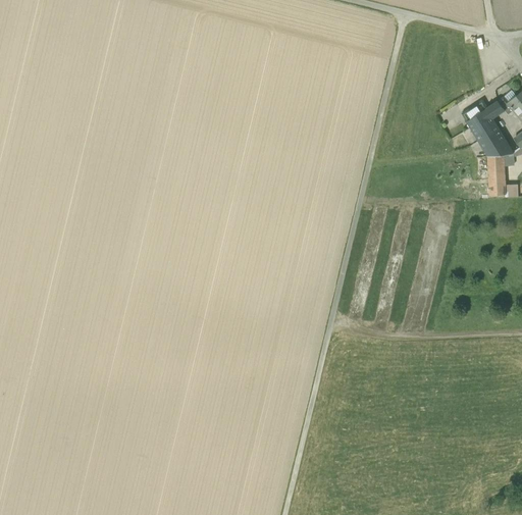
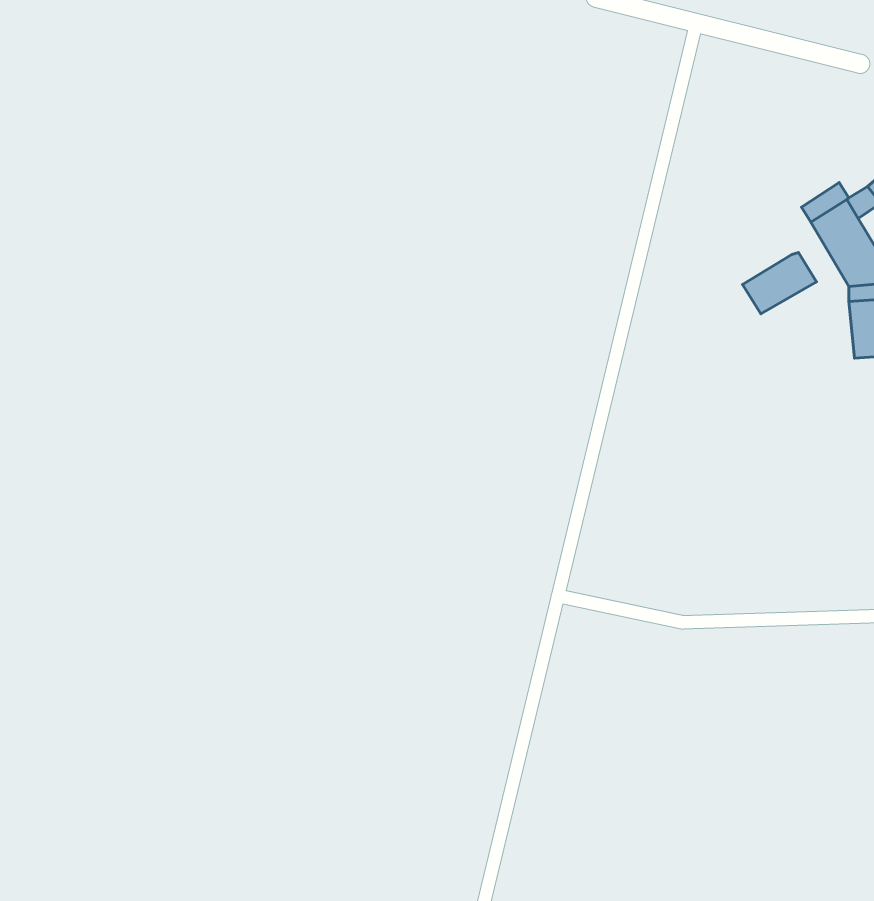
building: none -> [742,253,817,314]

